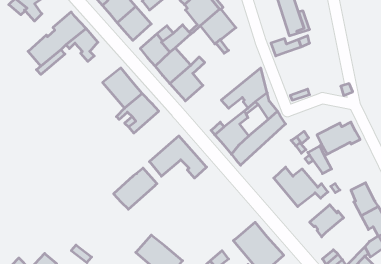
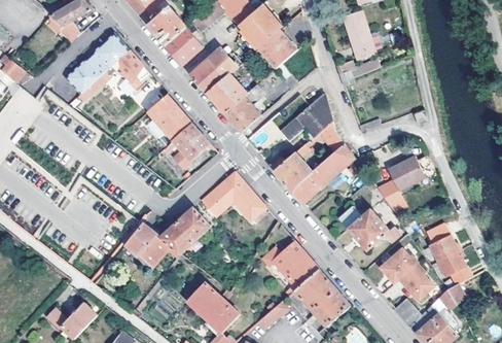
building: none -> [122,222,169,267]
building: none -> [264,241,319,286]
building: none -> [398,264,434,300]

